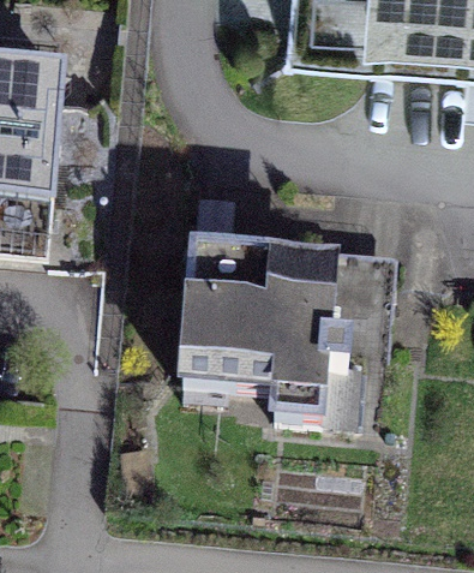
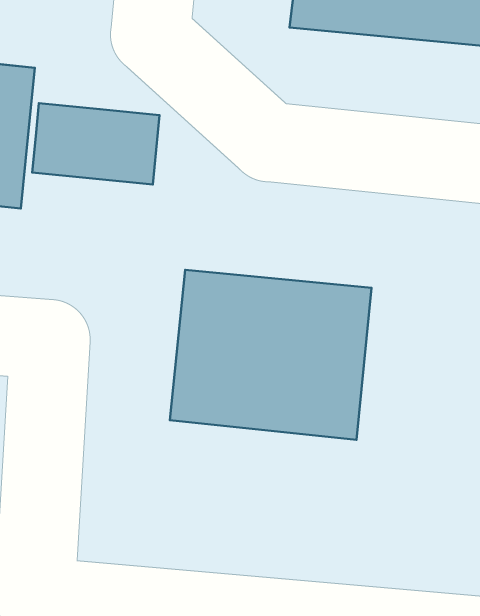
building: none -> [32,103,159,184]

